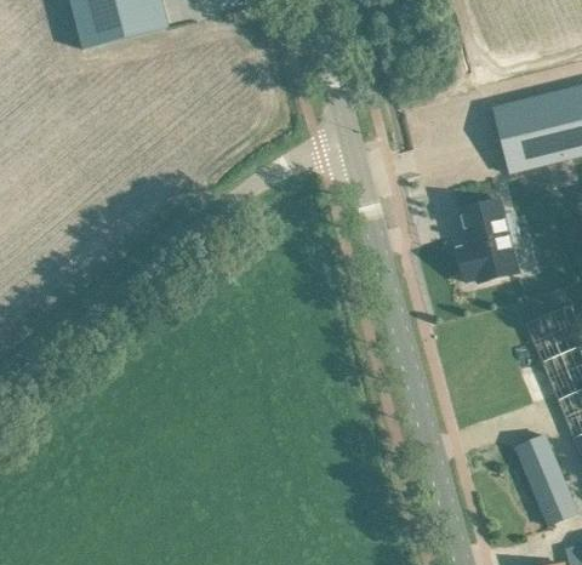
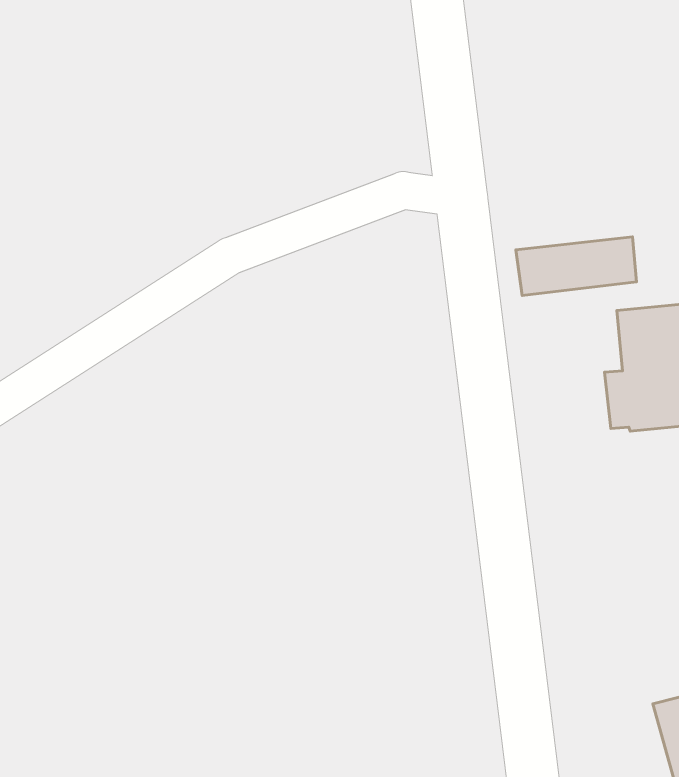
building: none -> [516,237,637,295]

